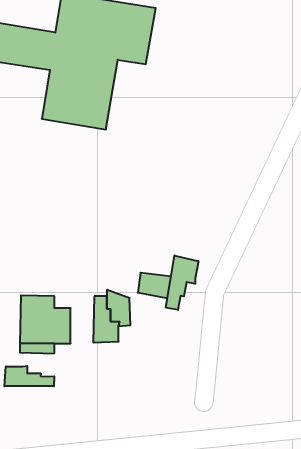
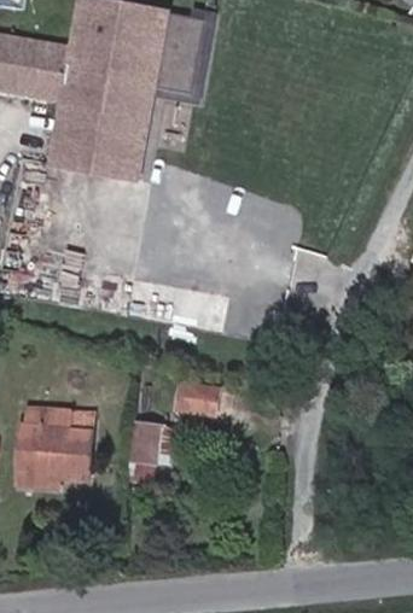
building: [166,255,198,310] -> none
building: [4,366,54,386] -> none

